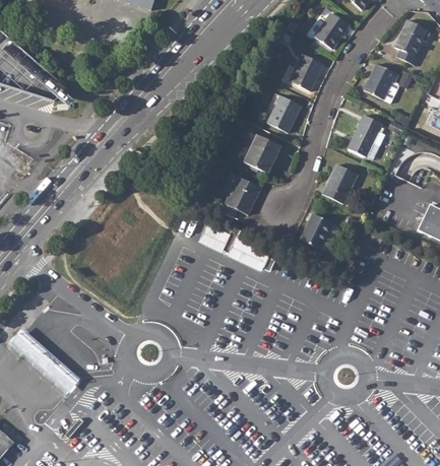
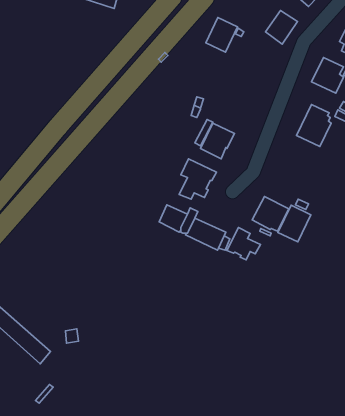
building: [289,53,323,90] -> [206,17,238,52]
building: [267,94,301,132] -> none
building: [322,163,358,203] -> [278,205,311,242]
building: none -> [227,227,261,260]

